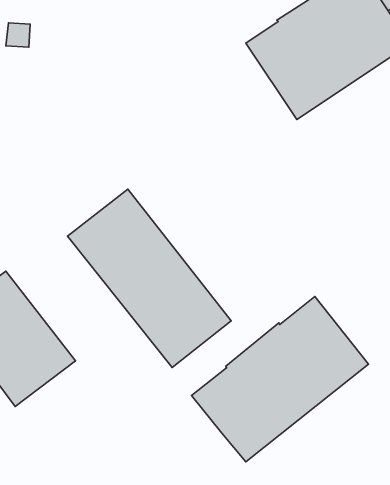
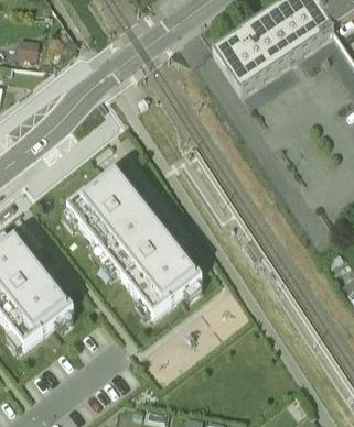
building: [191,297,369,462] -> none

